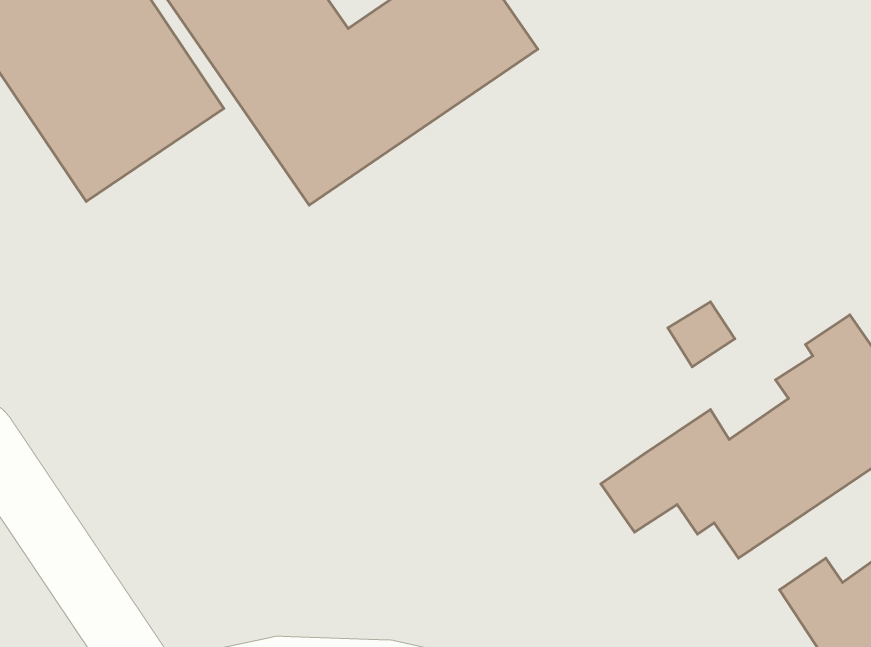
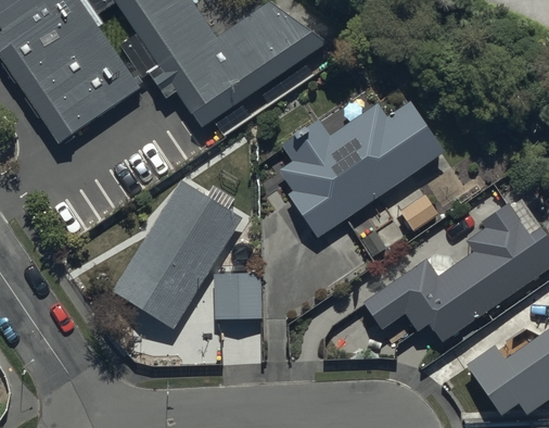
building: none -> [279,102,442,237]
building: none -> [112,179,242,328]
building: none -> [214,274,258,319]

